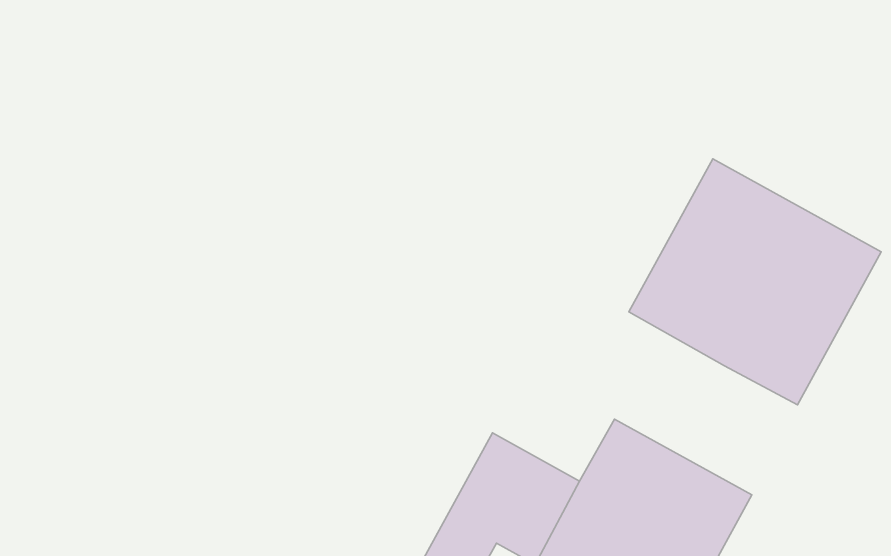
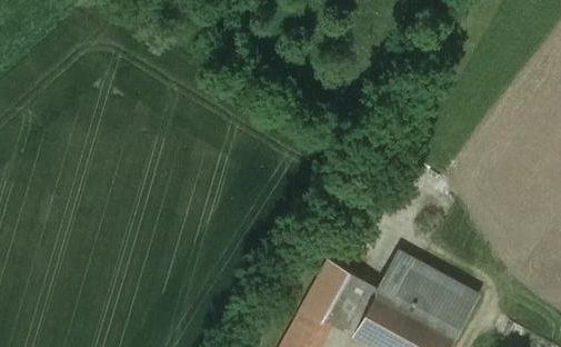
building: [629,159,881,405] -> none

